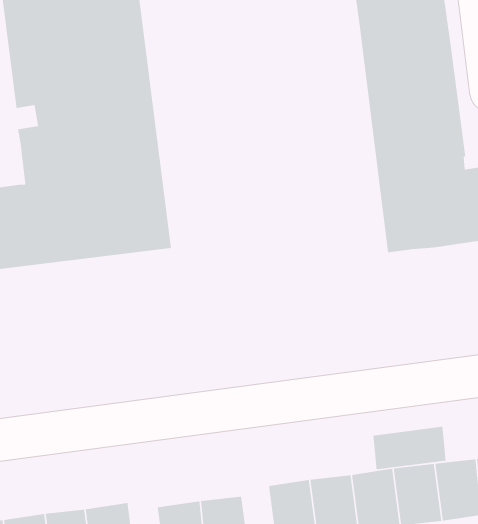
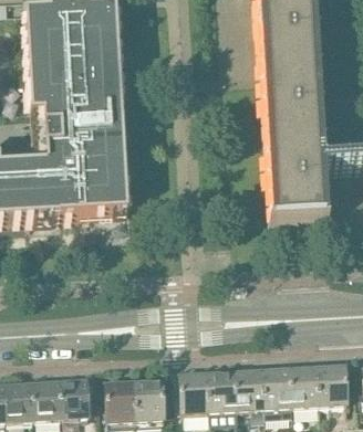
building: [372,426,446,470] -> none

